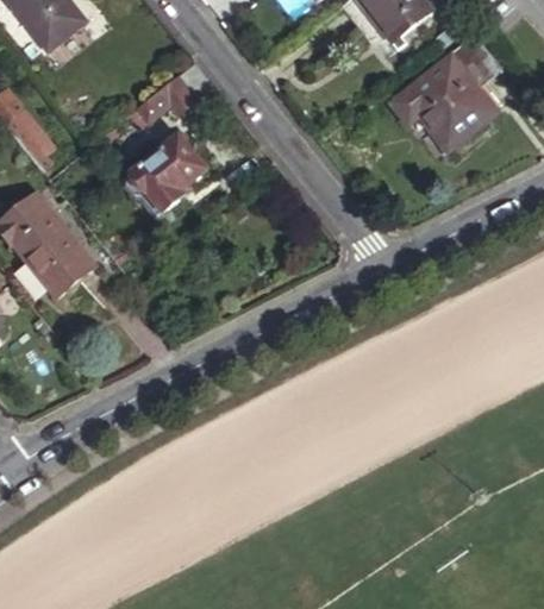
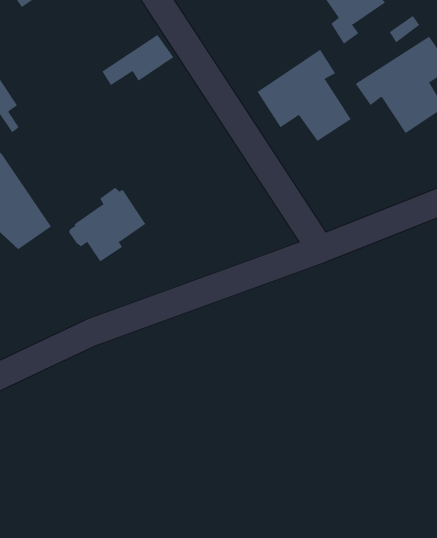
building: none -> [257,49,352,142]
building: [127,131,208,211] -> [68,187,146,262]

